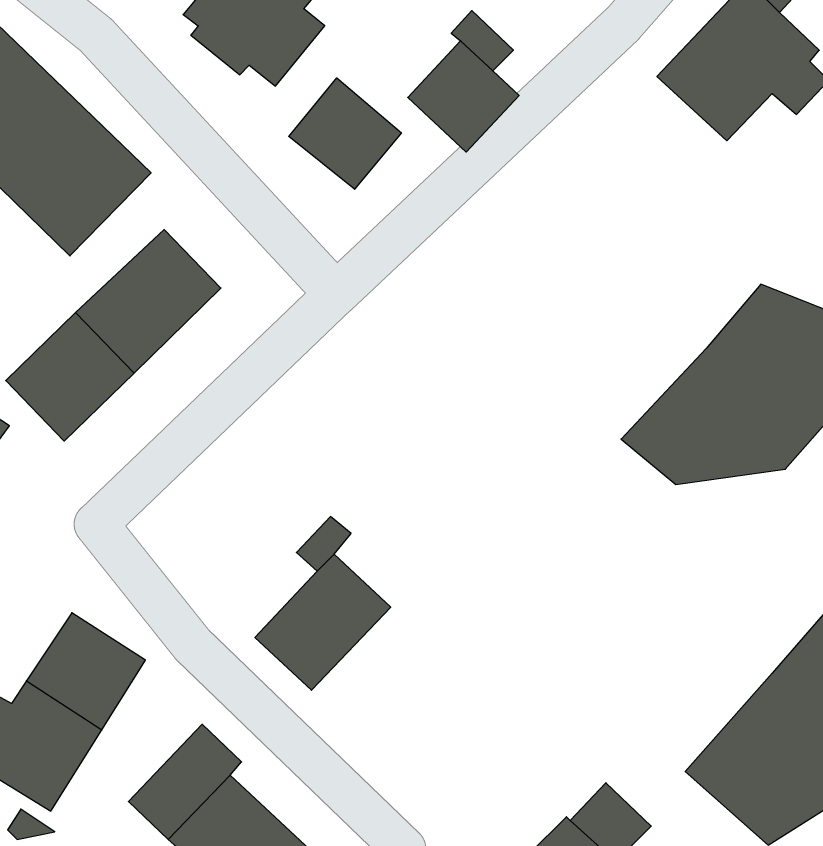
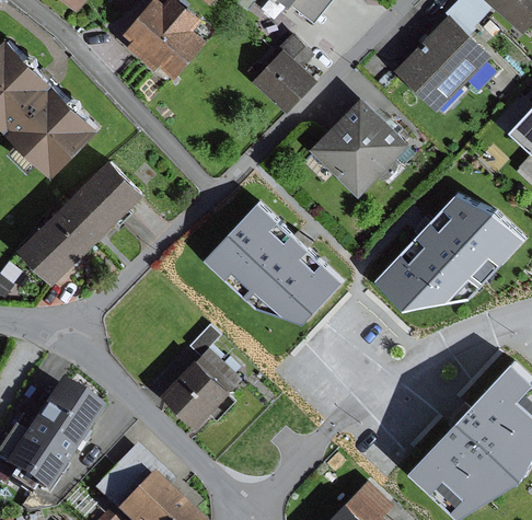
building: [289,78,401,189] -> none
building: none -> [310,96,410,196]
building: none -> [204,200,345,321]

